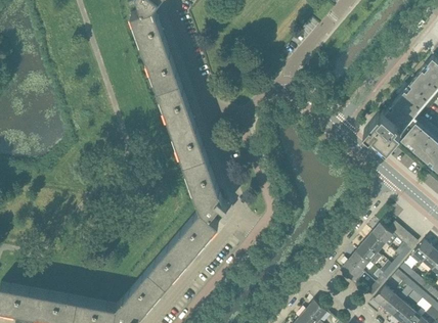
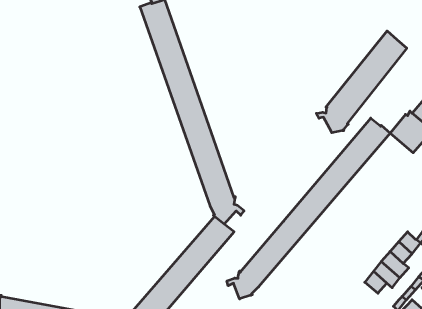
building: none -> [316,31,407,133]
building: none -> [227,118,390,299]

